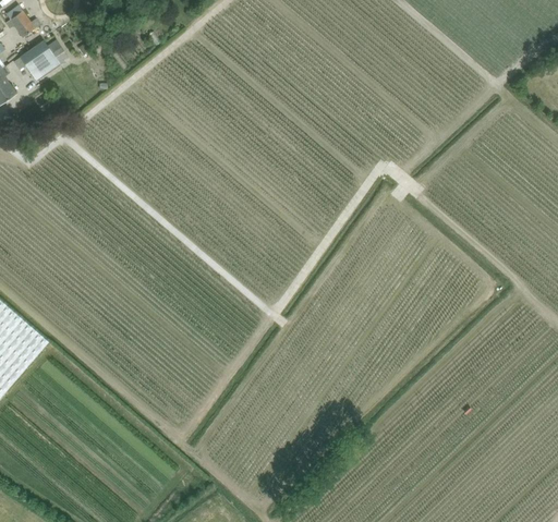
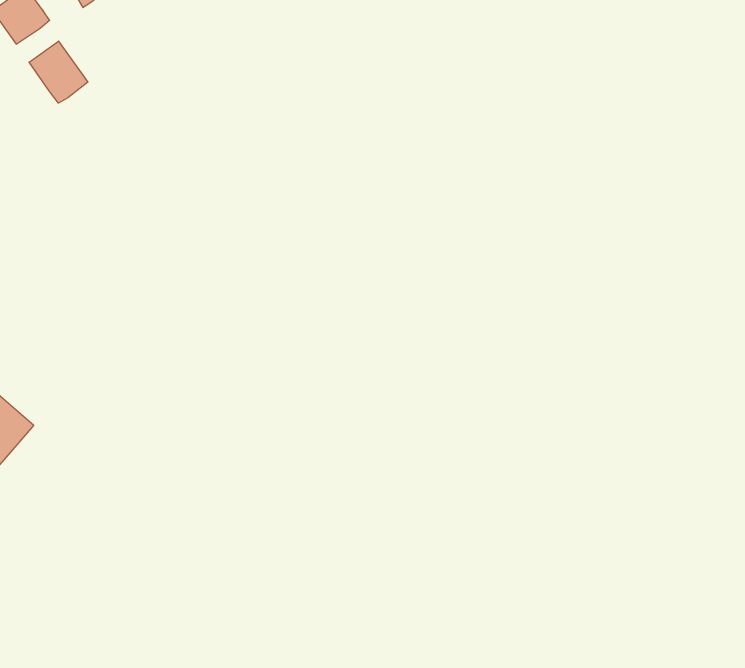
building: none -> [29,41,88,103]

